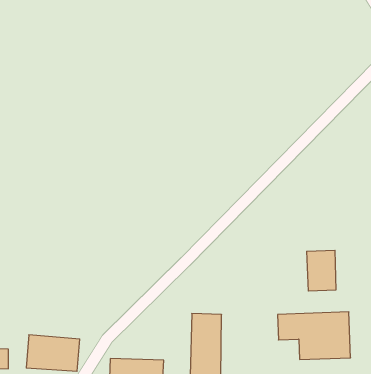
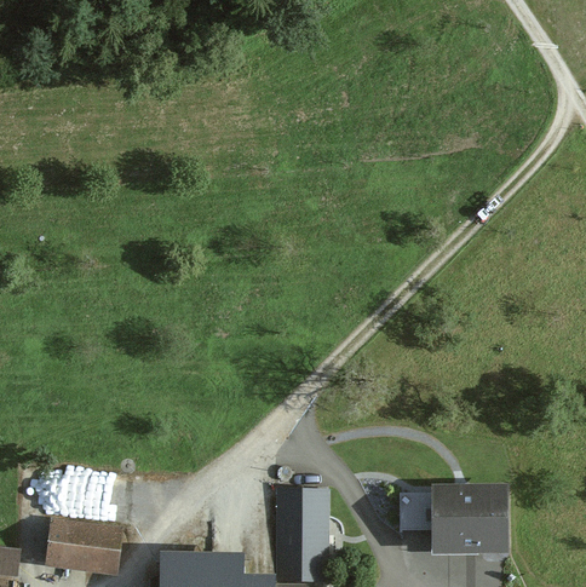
building: [307,250,336,291] -> none

